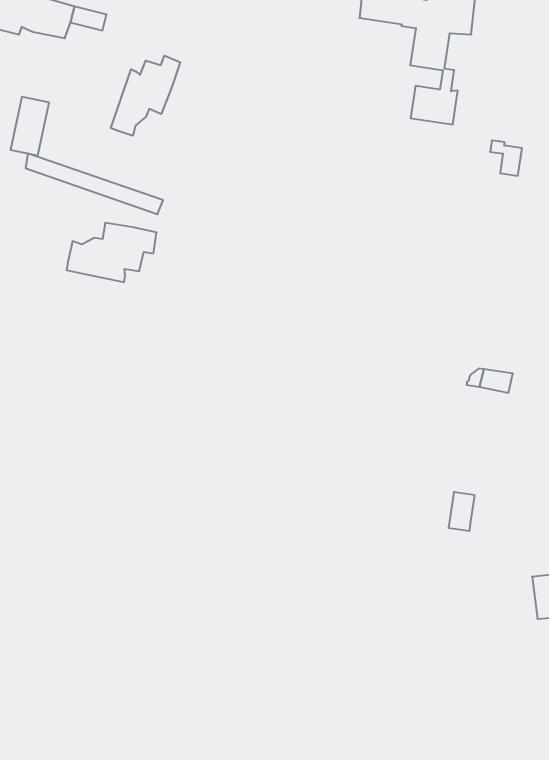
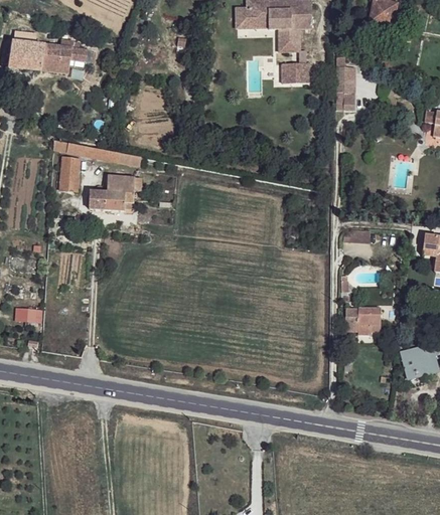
building: [111,56,180,136] -> none
building: [10,97,49,156] -> [60,157,80,191]
building: none -> [357,308,380,331]

